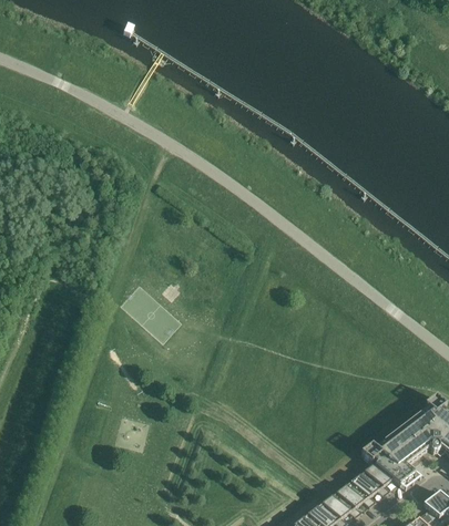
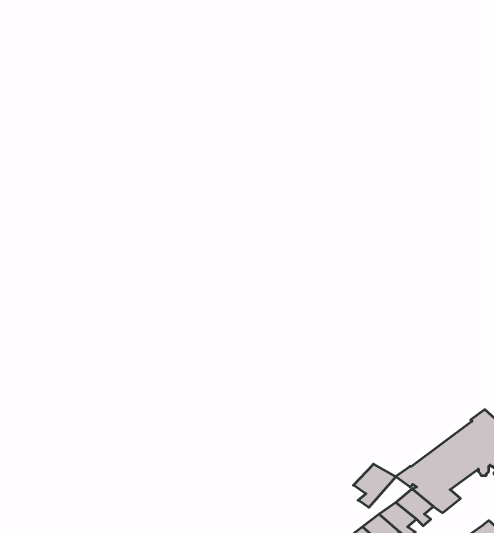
building: none -> [353,464,396,507]

